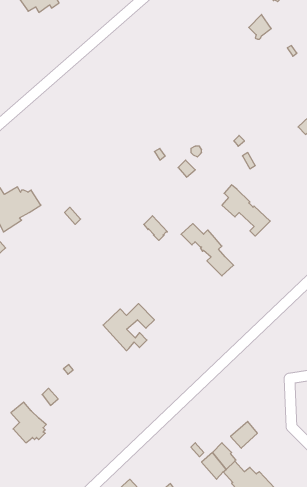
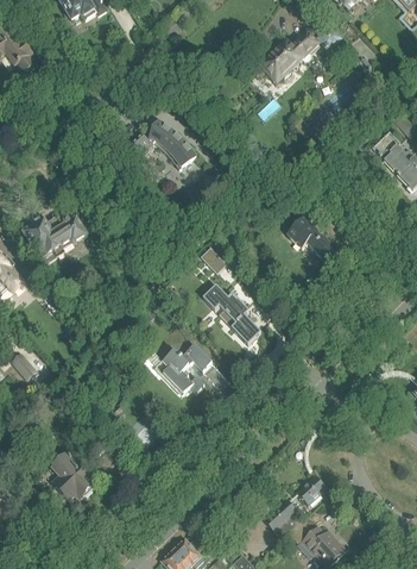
building: none -> [257,31,317,82]
building: none -> [126,120,196,168]
building: [181,224,234,276] -> [202,284,260,343]

